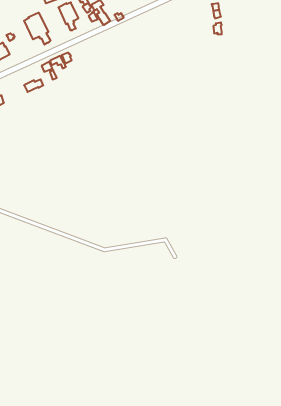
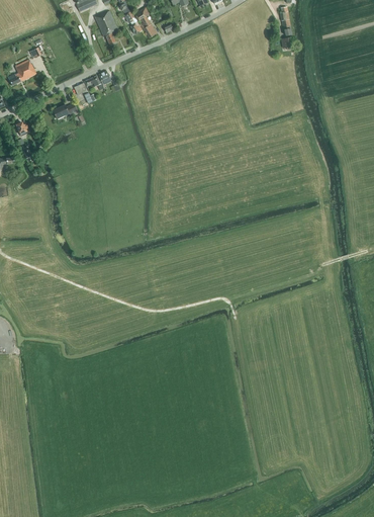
building: [24,13,51,45] -> none

